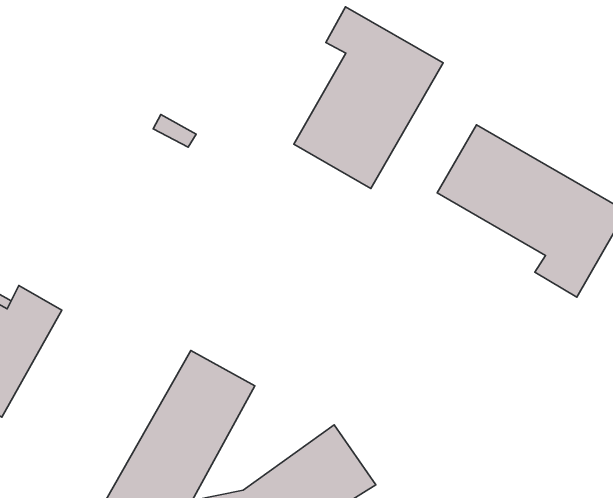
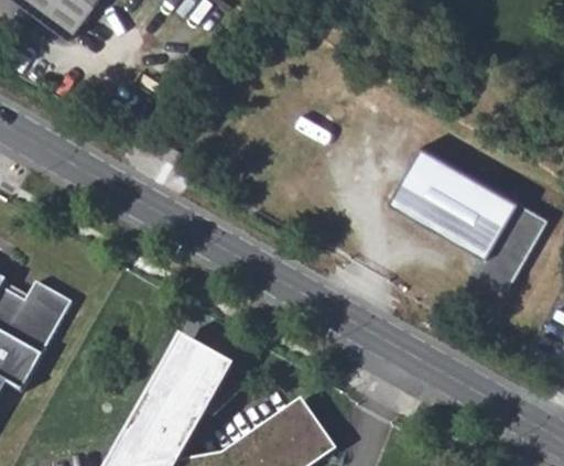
building: [294,7,443,188] -> none

